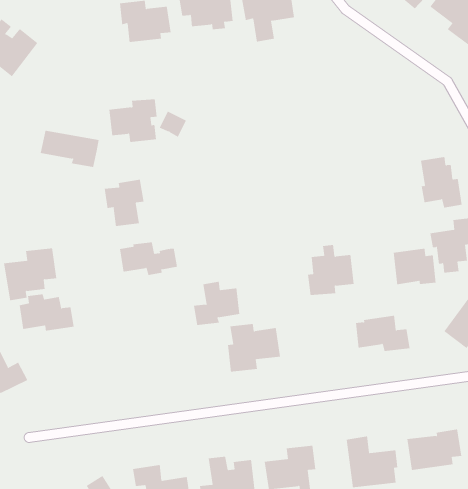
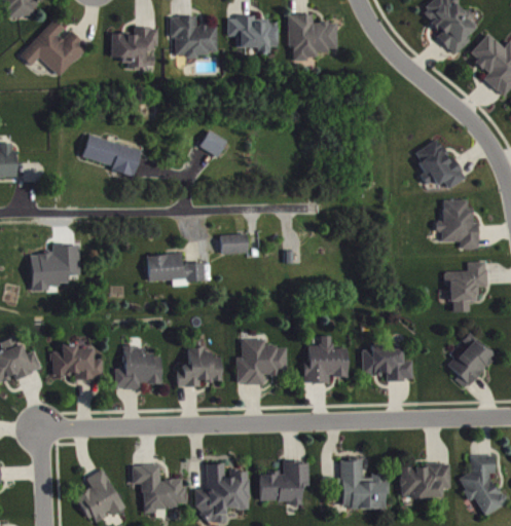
building: none -> [412,140,465,188]
building: [109,99,158,142] -> [111,27,157,67]
building: [104,179,144,227] -> none
building: none -> [216,229,242,250]
building: [307,245,354,295] -> [303,336,348,383]
building: [393,248,436,285] -> none
building: [193,281,240,326] -> [177,346,221,386]
building: [19,294,75,331] -> [51,343,103,379]
building: none -> [114,345,161,388]

